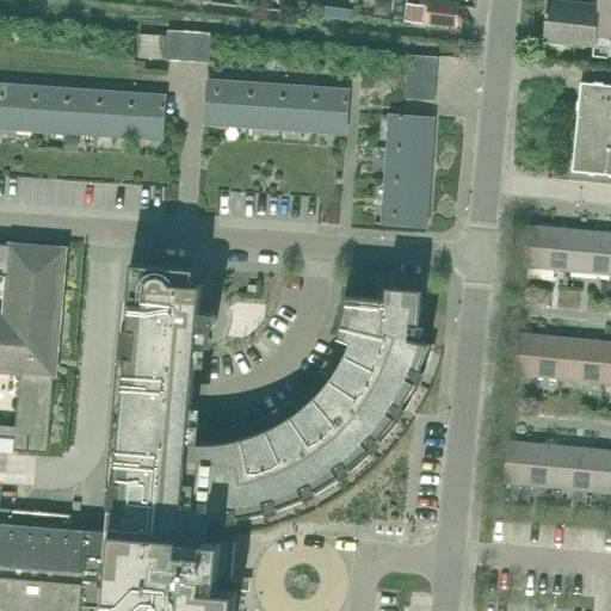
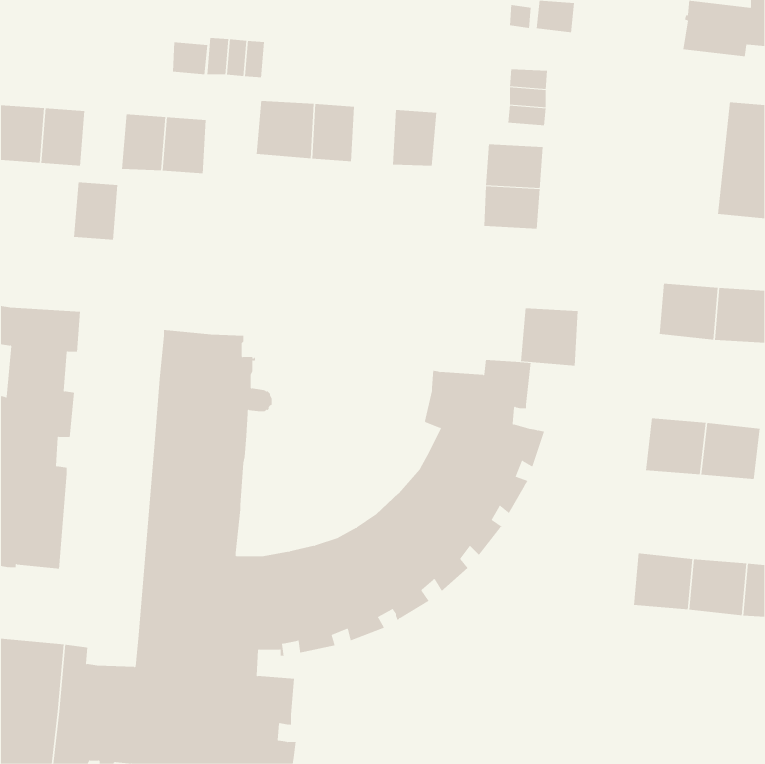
building: [280,85,315,131] -> none
building: [64,88,100,135] -> [73,182,118,240]
building: [382,180,428,227] -> [520,308,579,366]

